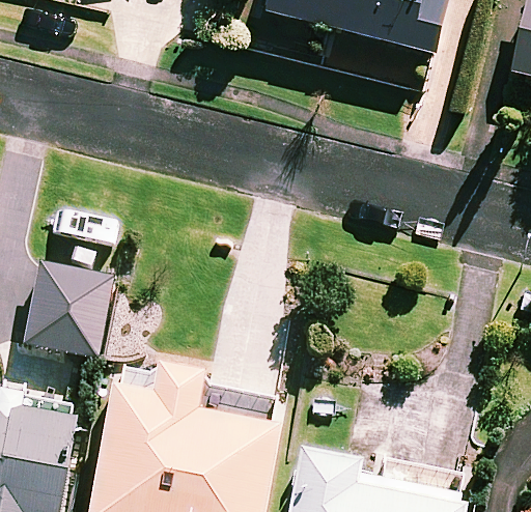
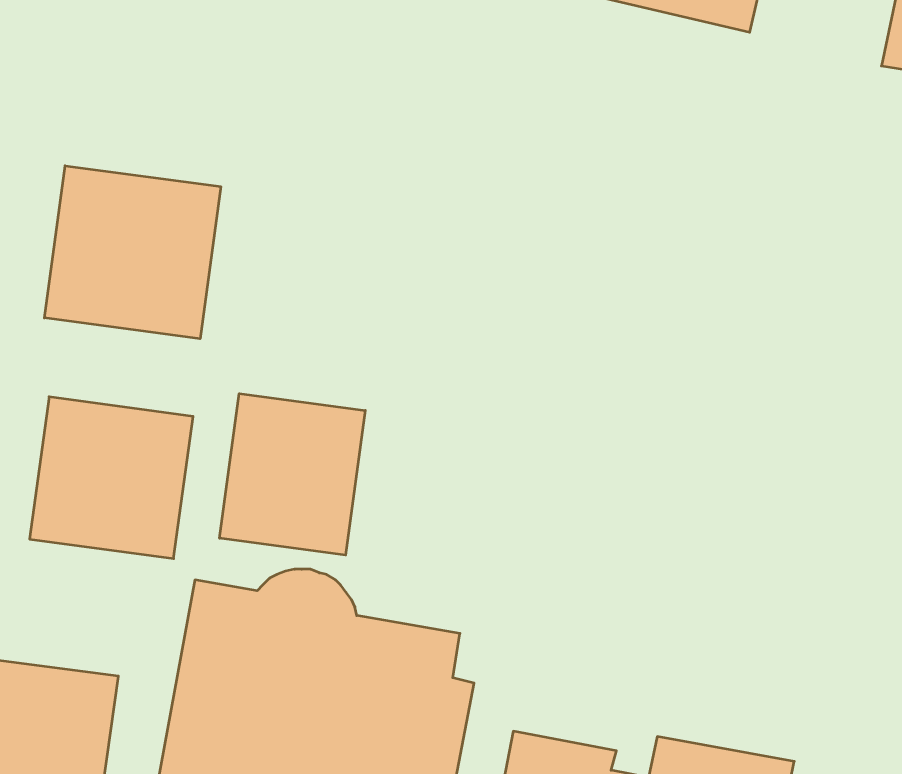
building: none -> [44,166,221,339]
building: none -> [220,394,365,555]

